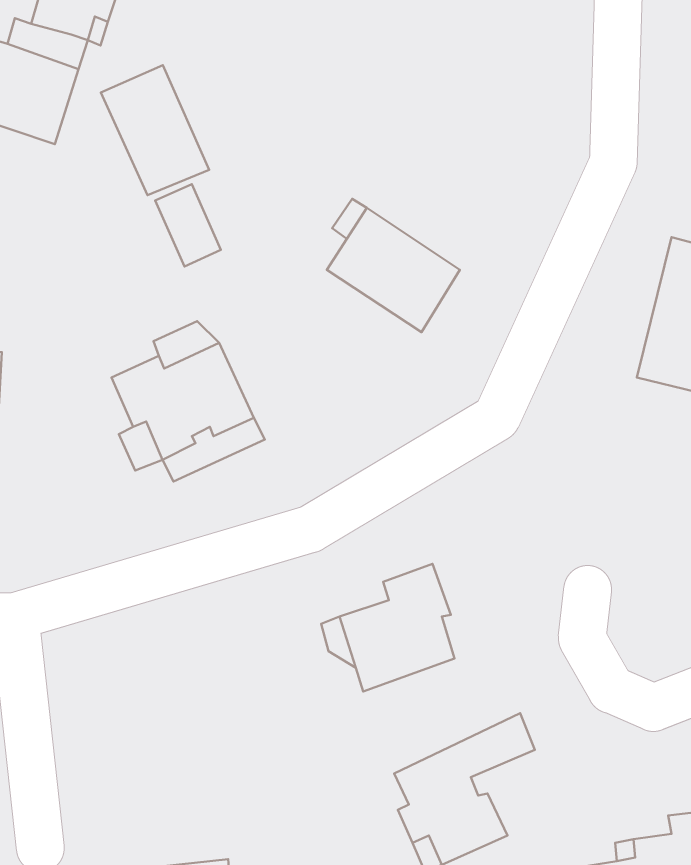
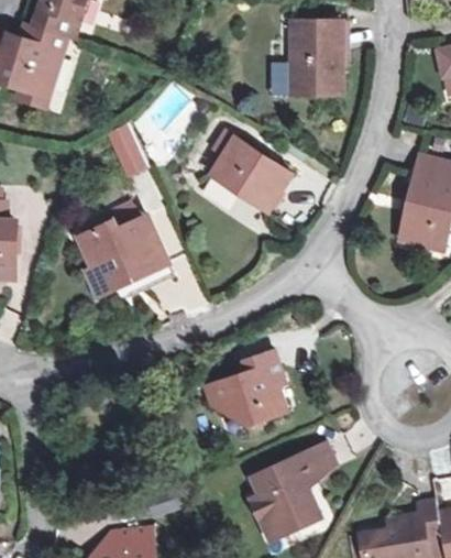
building: none -> [292,21,341,94]
building: [101,65,209,195] -> none

